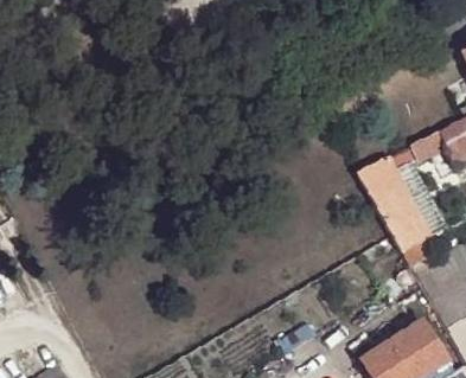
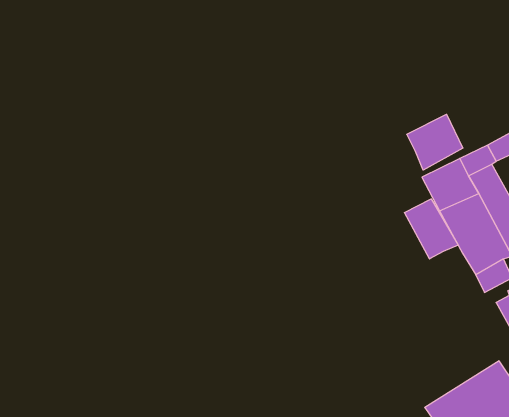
building: none -> [407,114,463,170]
building: none -> [404,199,458,259]

